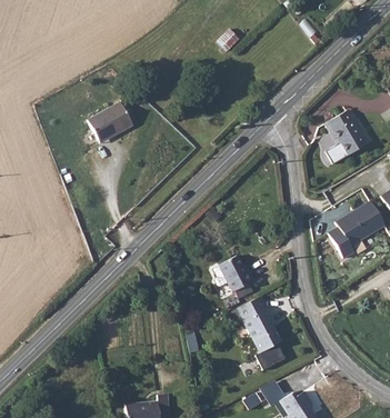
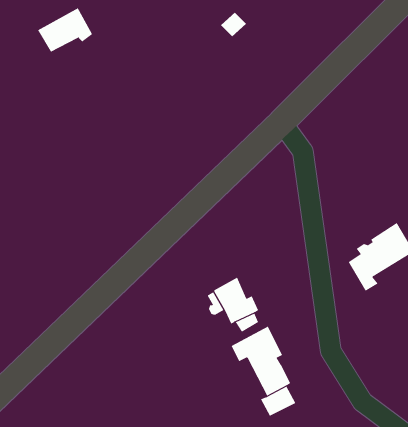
building: [87,100,133,138] -> [37,7,93,53]
building: [329,111,372,166] -> none

